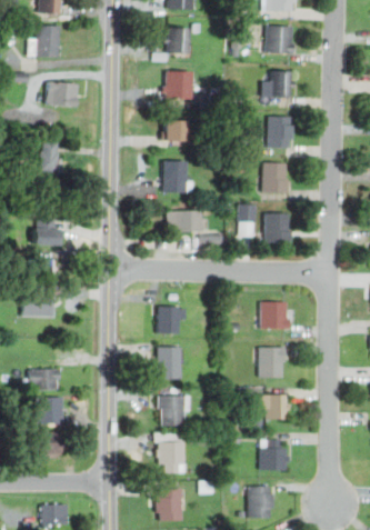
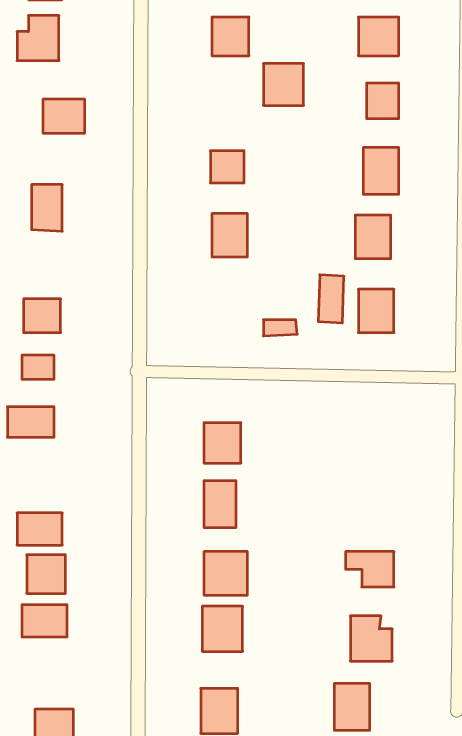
building: [164,70,192,99] -> [263,64,304,105]
building: [168,211,204,232] -> none
building: [260,302,288,330] -> none
building: [260,348,284,378] -> none

